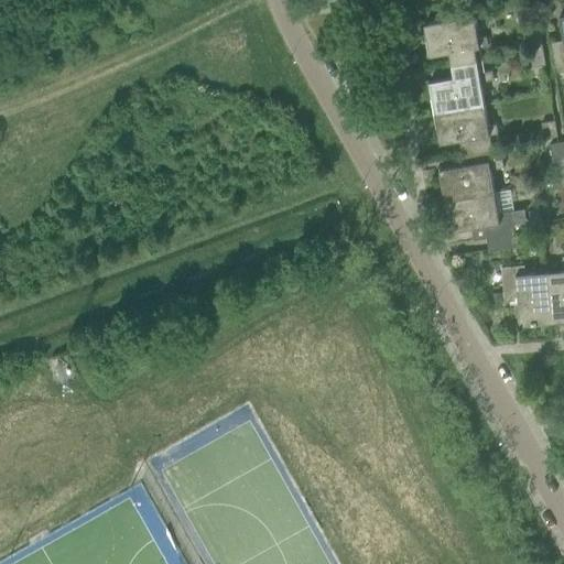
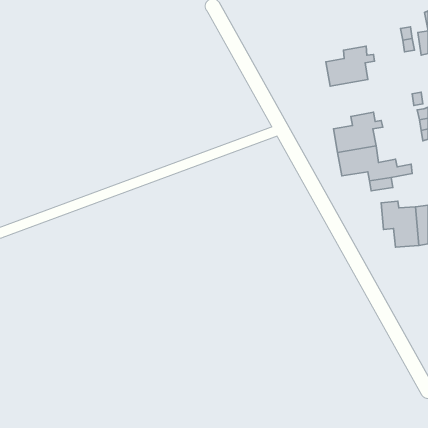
building: [424,17,487,66] -> none
building: [434,105,498,153] -> none

